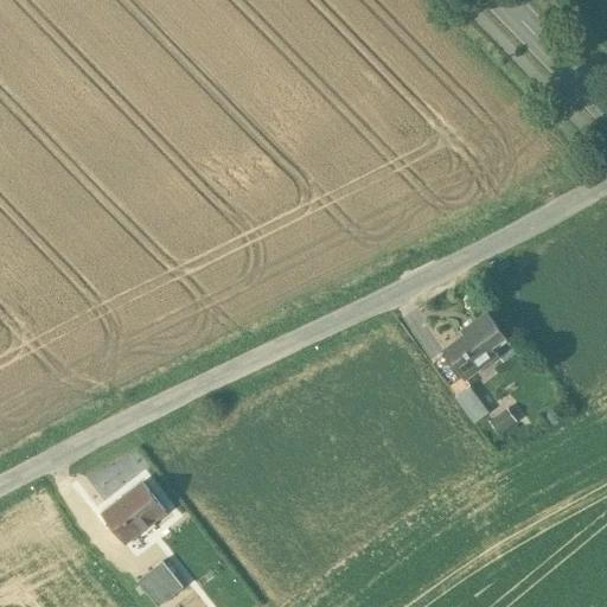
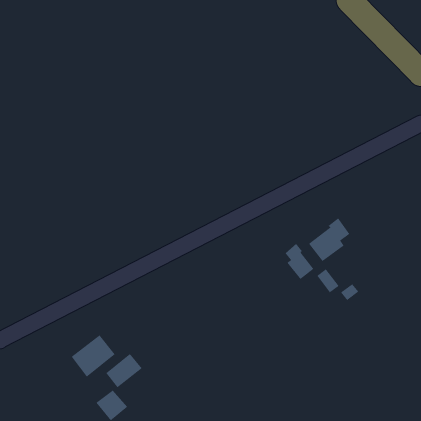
building: none -> [285,243,314,280]
building: none -> [105,353,143,388]

